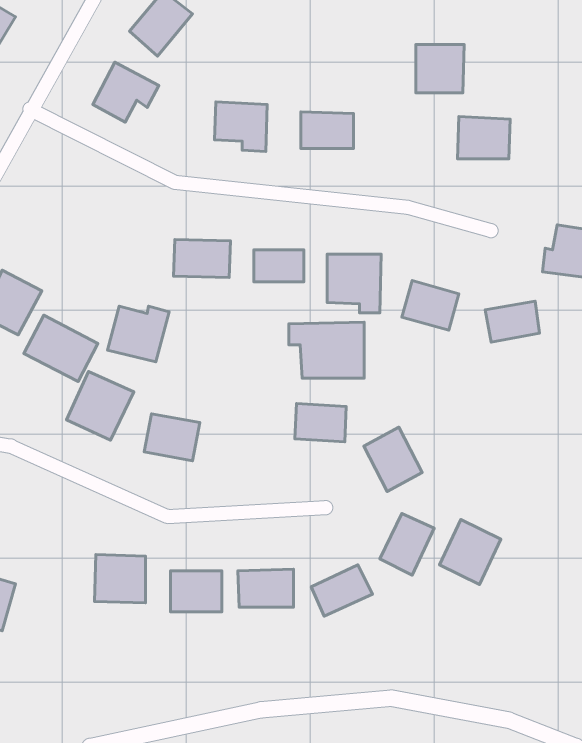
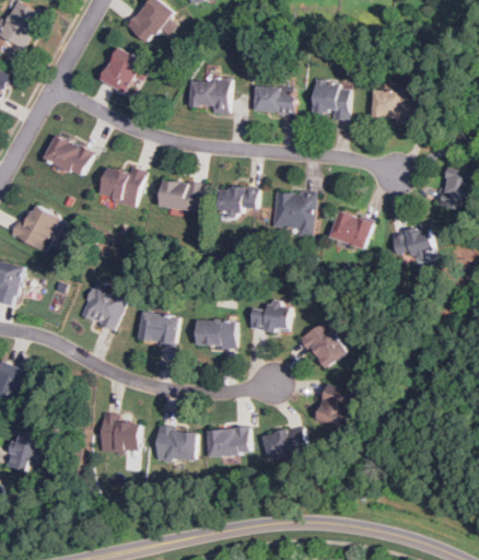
building: [416,45,464,93] -> [313,81,349,117]
building: none -> [43,133,91,177]
building: [108,306,169,362] -> [97,166,143,208]
building: [24,315,98,382] -> none
building: [289,322,364,378] -> none
building: none -> [198,320,234,347]
building: [440,520,501,585] -> none

